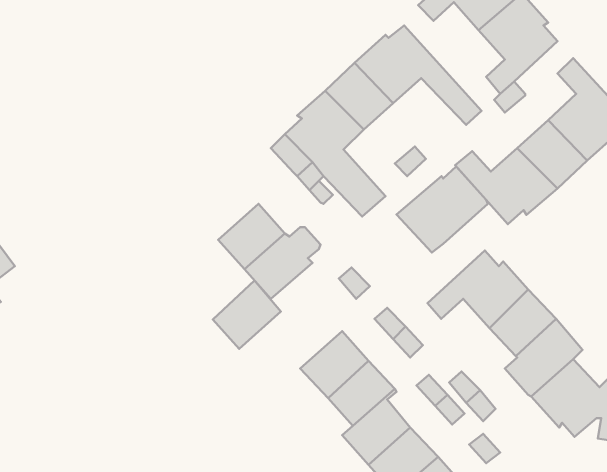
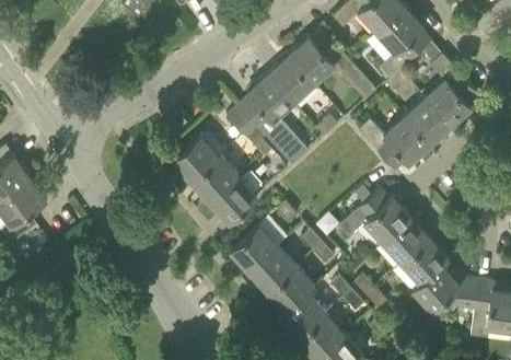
building: [397,166,488,253] -> none
building: none -> [173,137,220,183]
building: [213,281,281,349] -> [231,225,279,274]

